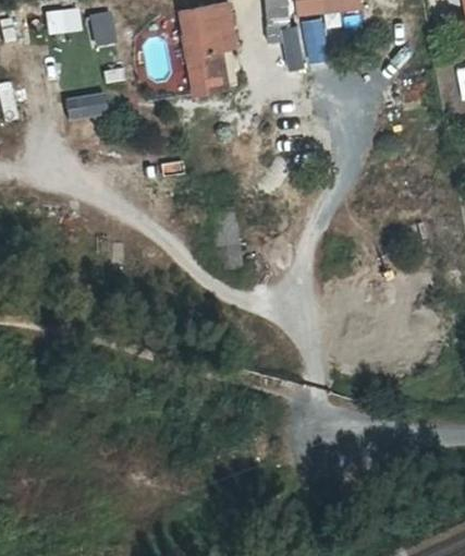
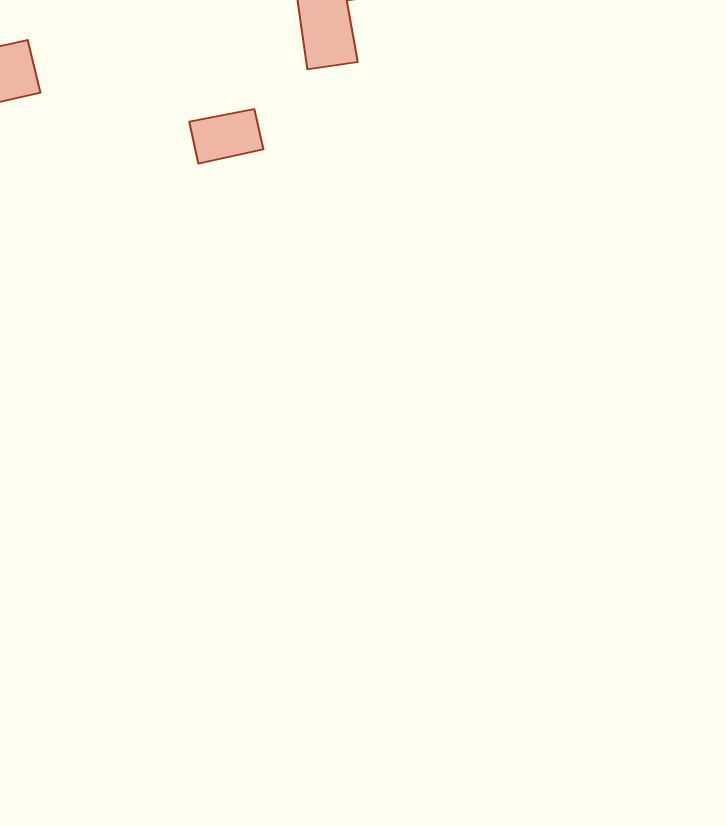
building: [62,89,107,122] -> [189,109,264,164]

